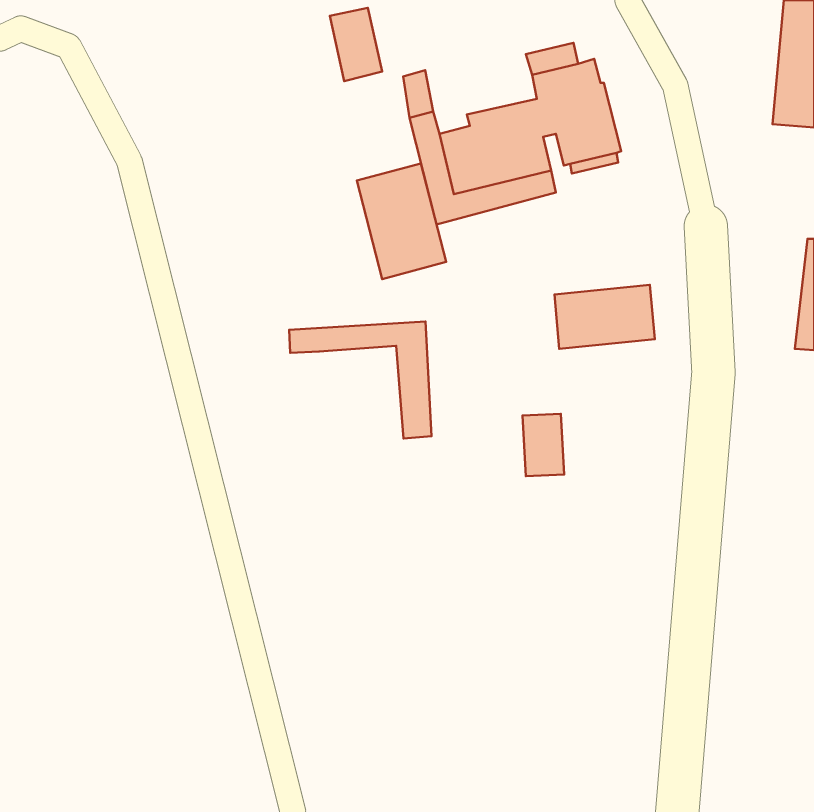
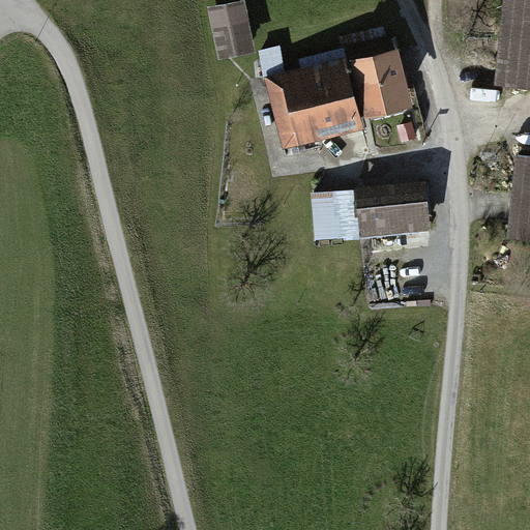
building: [357,163,446,279] -> none
building: [289,321,432,439] -> none
building: [523,414,564,476] -> [315,198,342,238]

